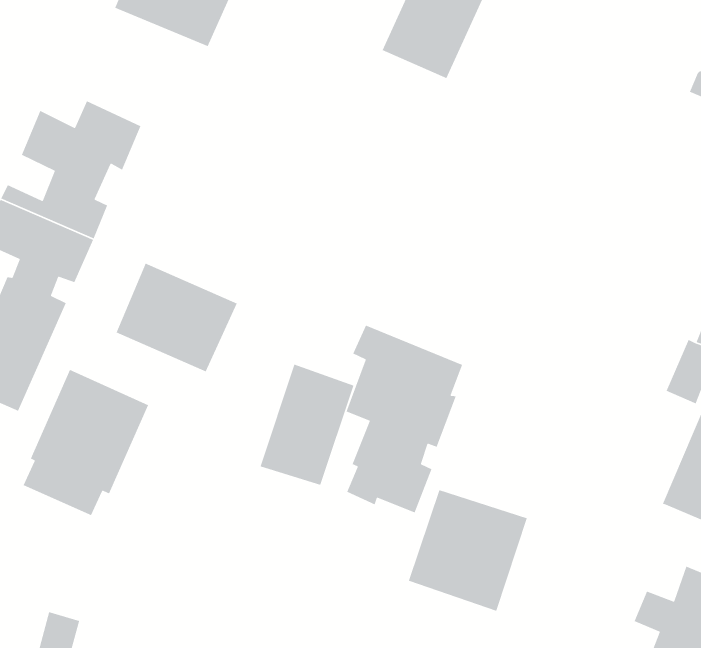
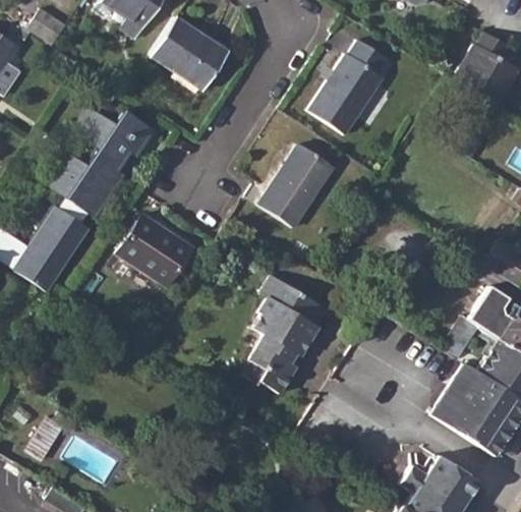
building: none -> [258,143,335,227]
building: [260,363,355,486] -> none
building: [23,369,149,516] -> none
building: [408,489,528,612] -> none

